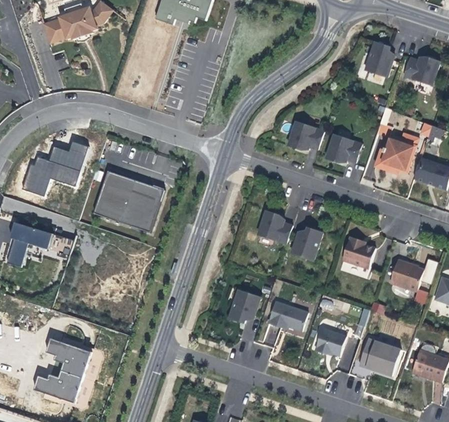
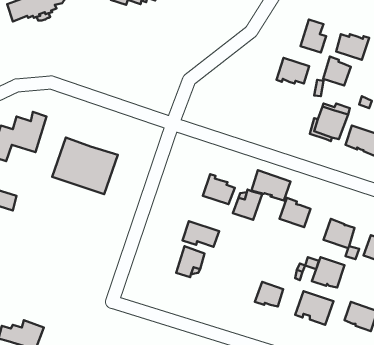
building: none -> [323,56,351,86]
building: [288,121,324,150] -> none
building: [326,134,362,162] -> [276,58,309,84]
building: none -> [251,170,291,200]
building: none -> [312,257,345,287]
building: [268,302,308,330] -> [183,221,219,247]
building: [47,338,91,378] -> none

